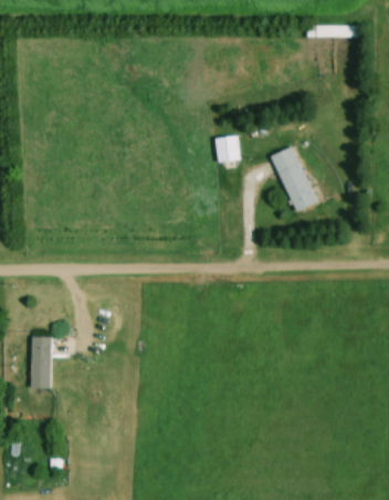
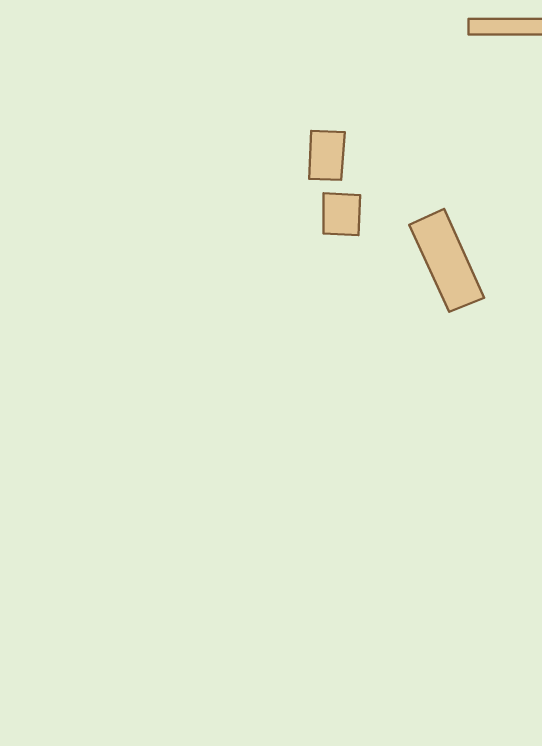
building: none -> [309,131,345,180]
building: [31,337,51,388] -> none

